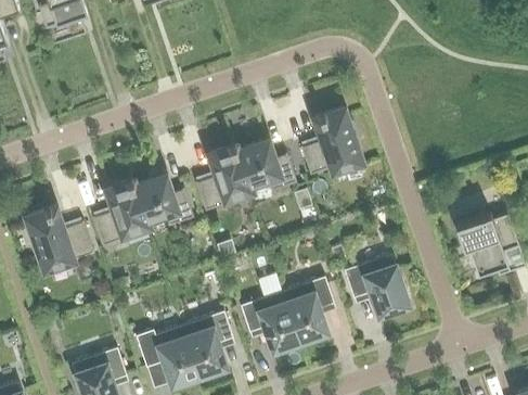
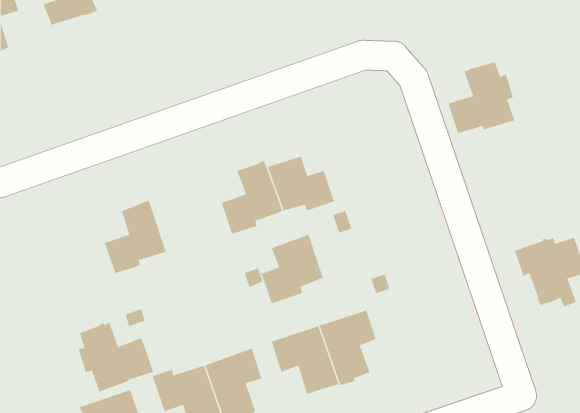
building: [301,110,361,174] -> [448,61,515,134]
building: [136,176,194,226] -> none
building: [27,207,94,269] -> [78,322,154,392]
building: none -> [261,234,323,304]
building: [345,254,410,317] -> none

